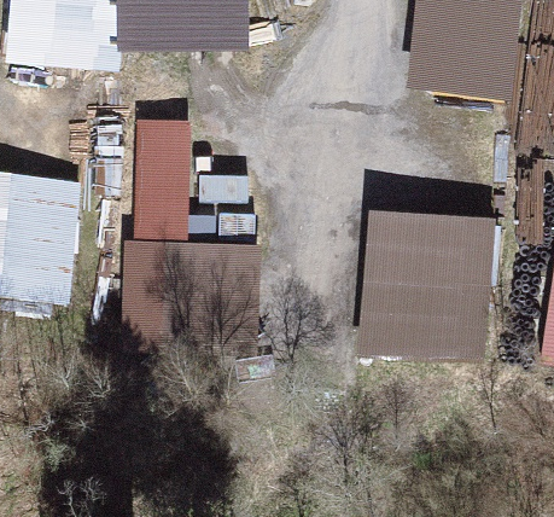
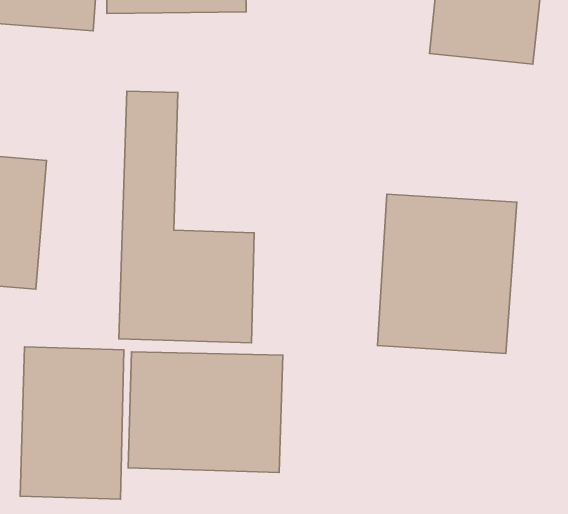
building: none -> [20,347,124,499]
building: none -> [128,352,283,473]

